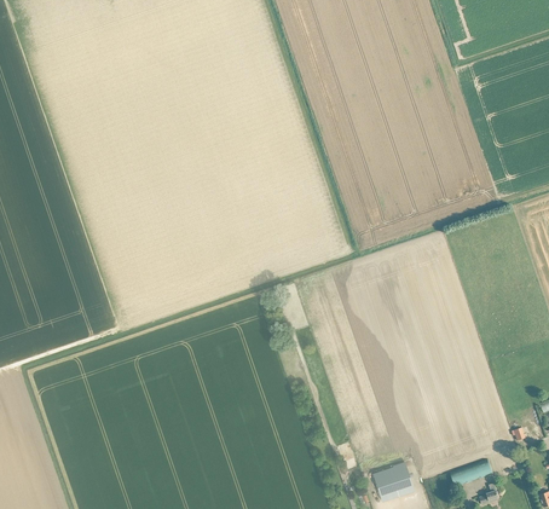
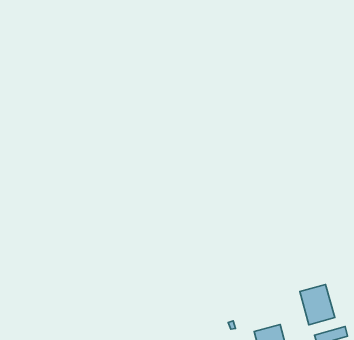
building: none -> [300,284,335,325]

